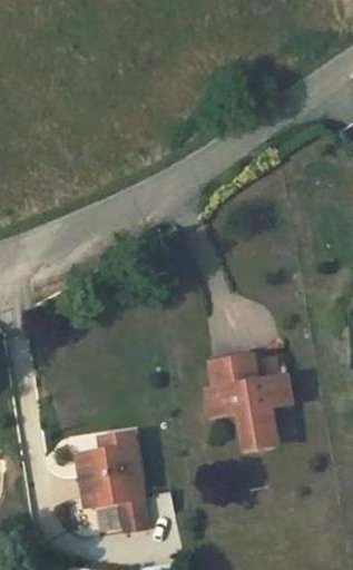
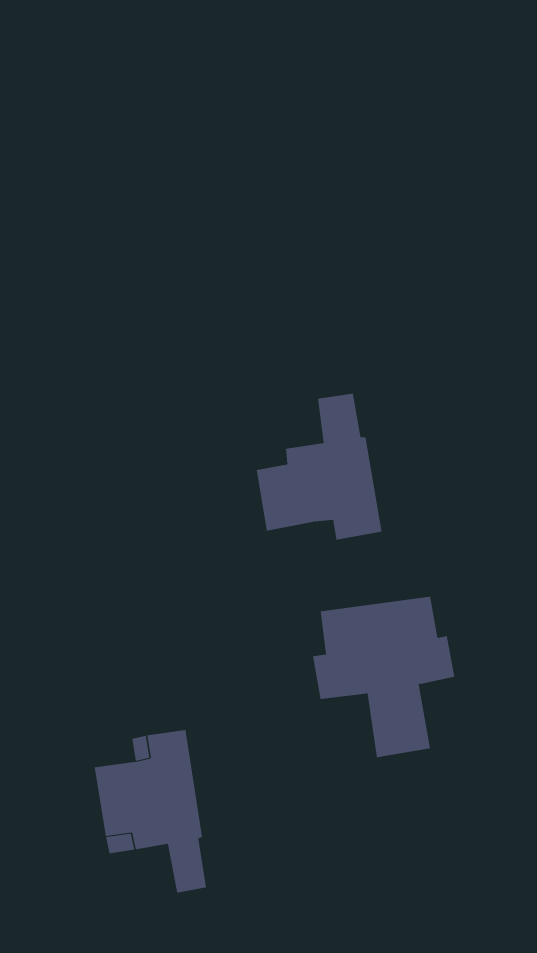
building: none -> [256,393,382,541]

